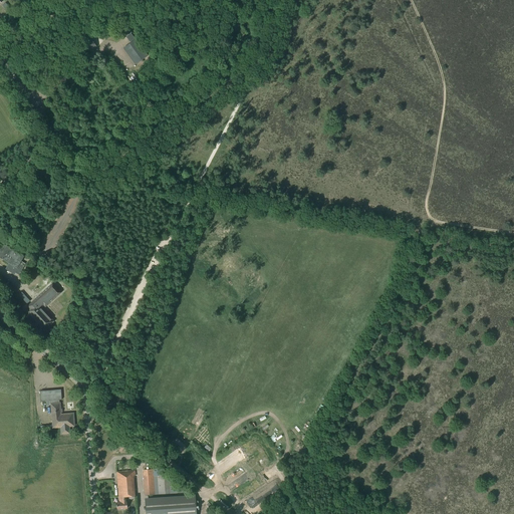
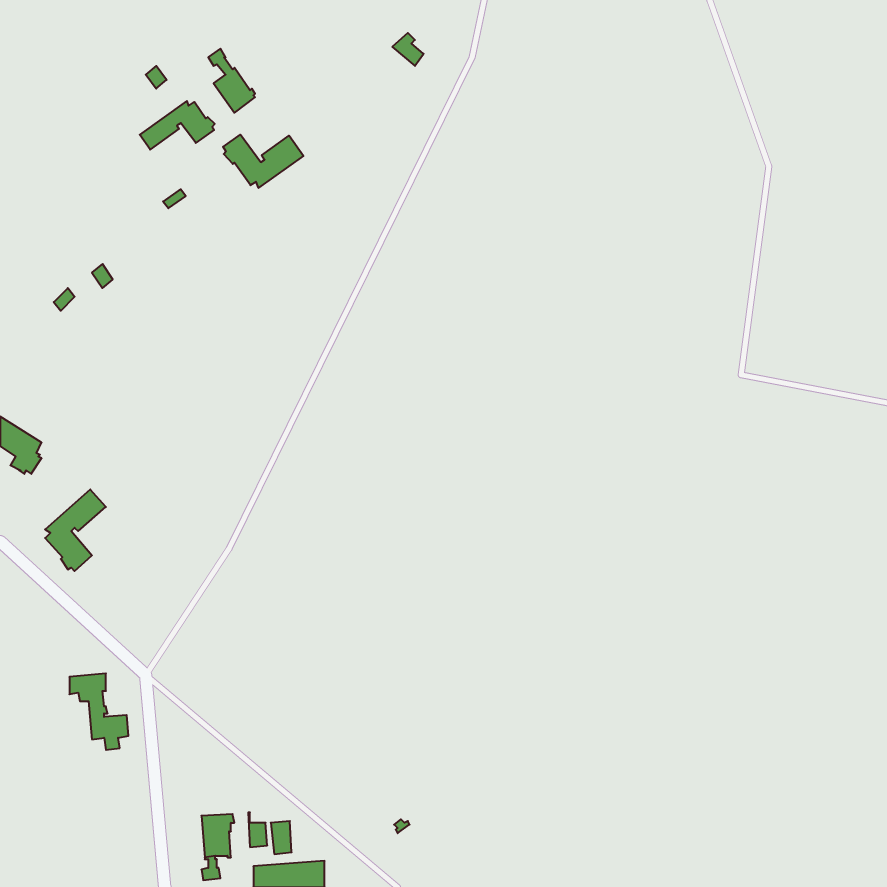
building: none -> [140,101,215,150]
building: none -> [223,135,303,188]

